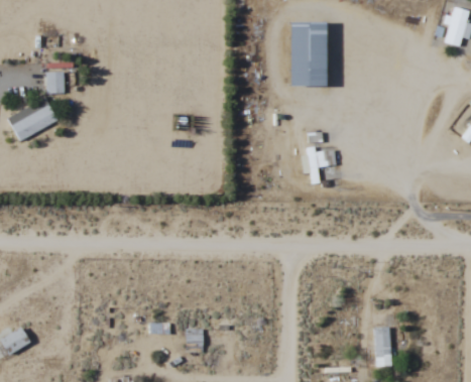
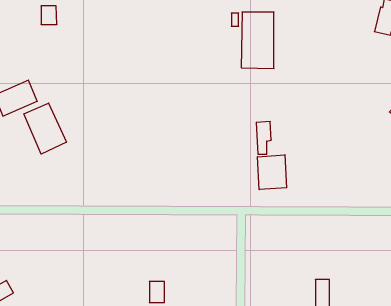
building: [46,72,65,93] -> [41,6,57,24]
building: none -> [24,103,66,154]
building: none -> [257,155,287,190]

